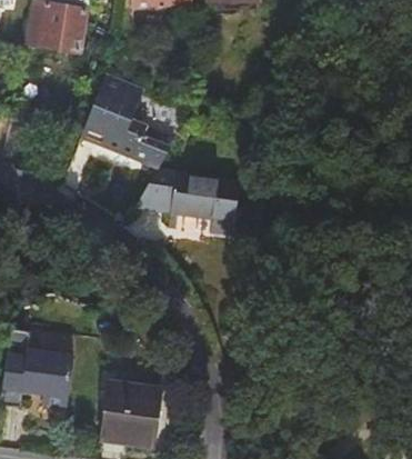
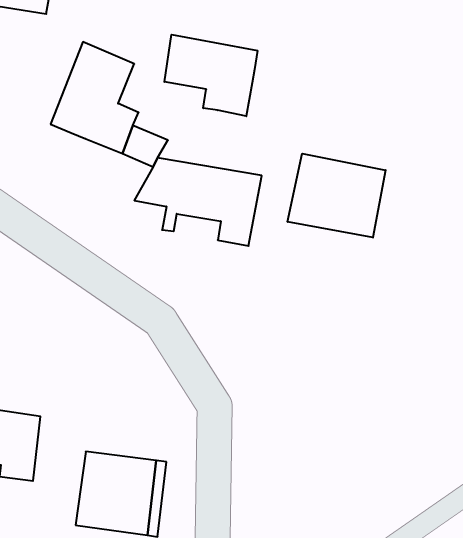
building: none -> [164,35,257,116]
building: none -> [288,154,386,238]

